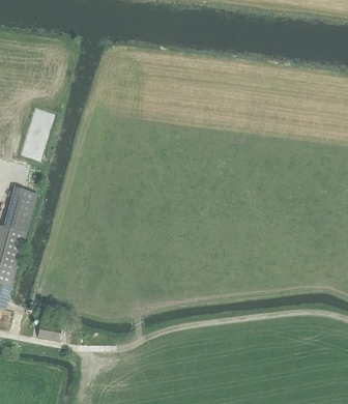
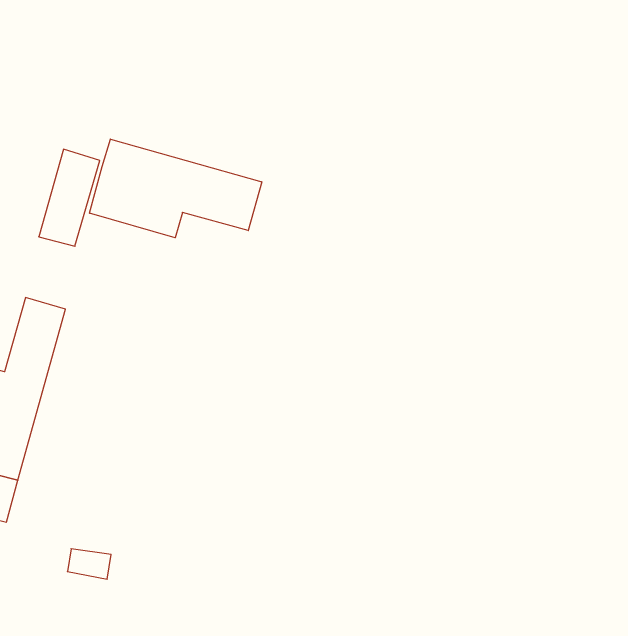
building: none -> [90,139,262,238]

